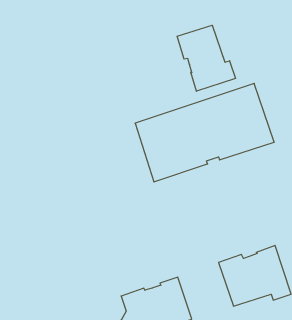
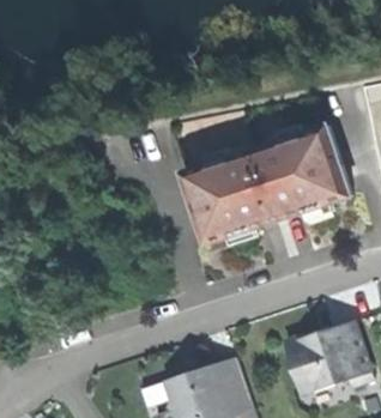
building: [177,25,235,91] -> none

